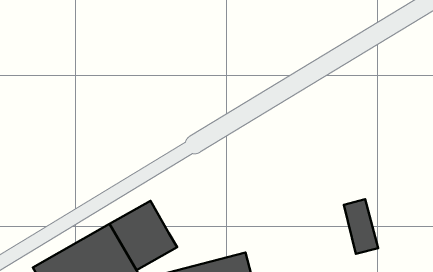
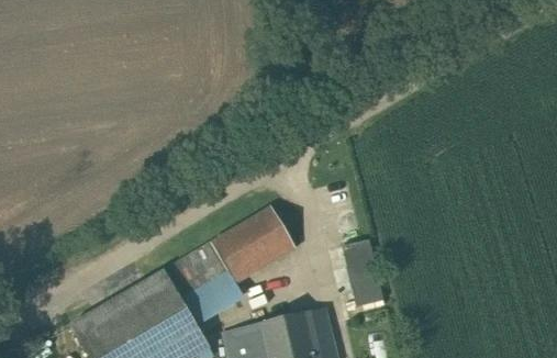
building: none -> [211,209,293,282]
building: [344,199,378,254] -> [342,239,382,304]

